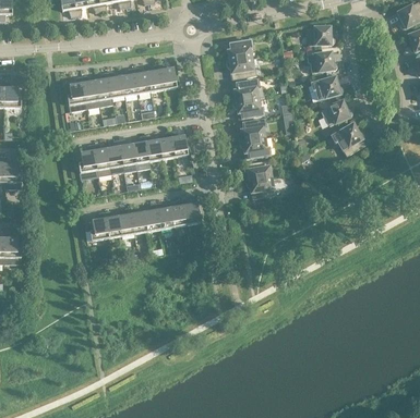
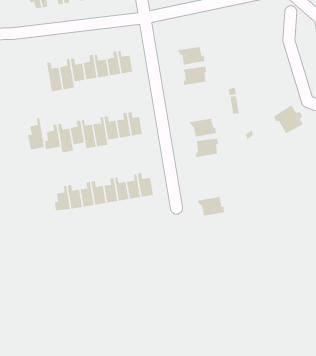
building: [305,26,335,45] -> none
building: [225,39,252,62] -> none
building: [307,51,337,72] -> none
building: [67,75,86,111] -> [27,118,45,150]
building: [312,75,344,99] -> none
building: [231,97,263,119] -> none
building: [320,99,352,125] -> none
building: [238,119,265,142] -> none
building: [244,176,276,198] -> [196,197,225,216]

